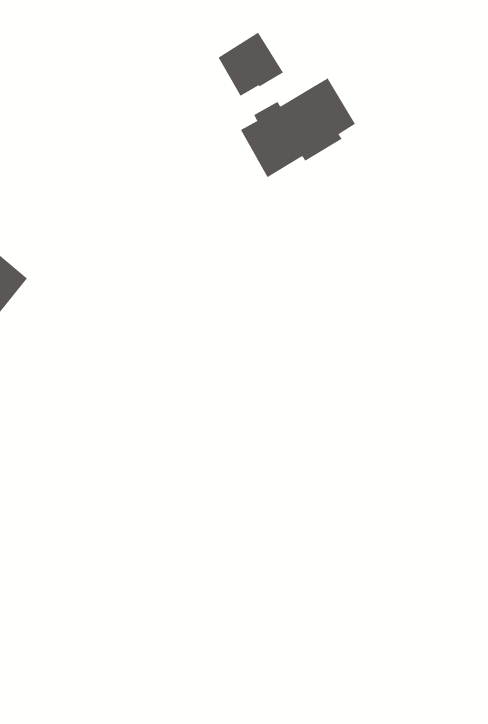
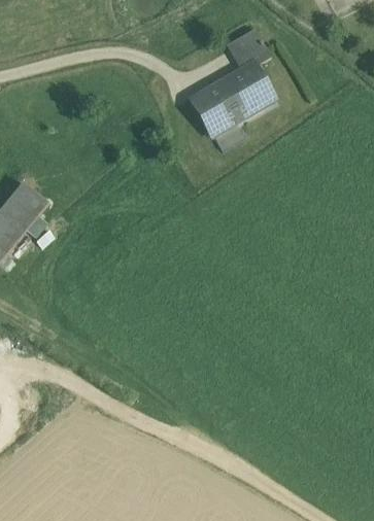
building: [218,32,284,96] -> [226,30,271,74]

